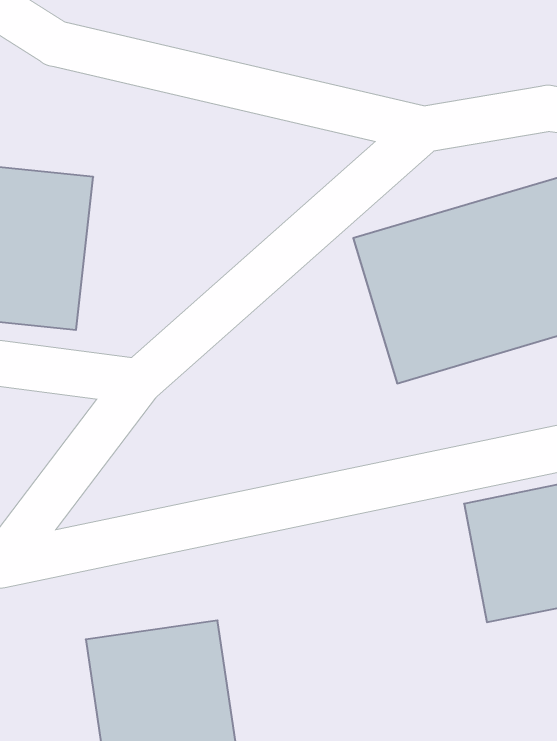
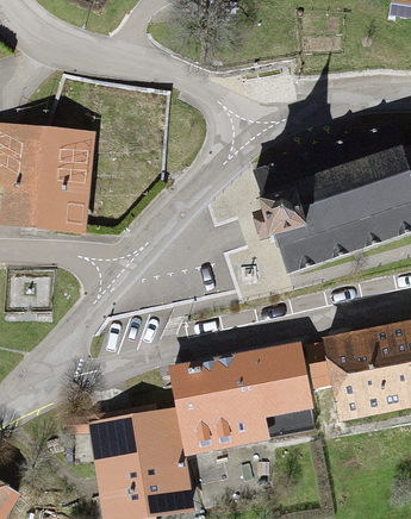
building: none -> [172,348,309,452]

